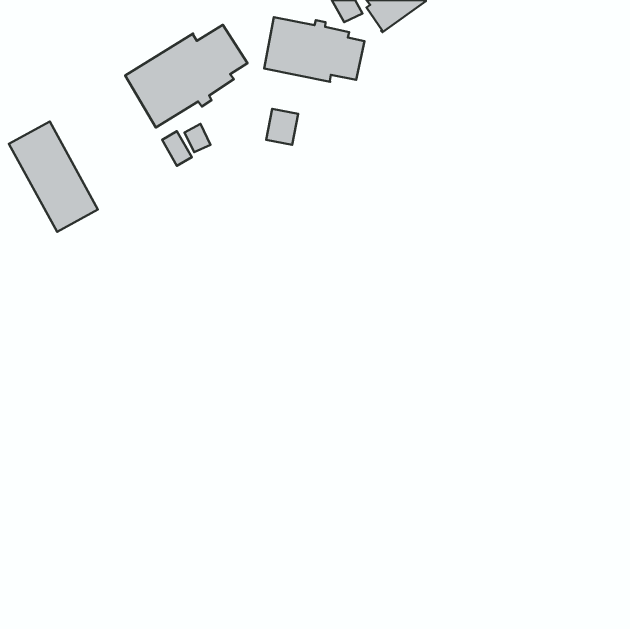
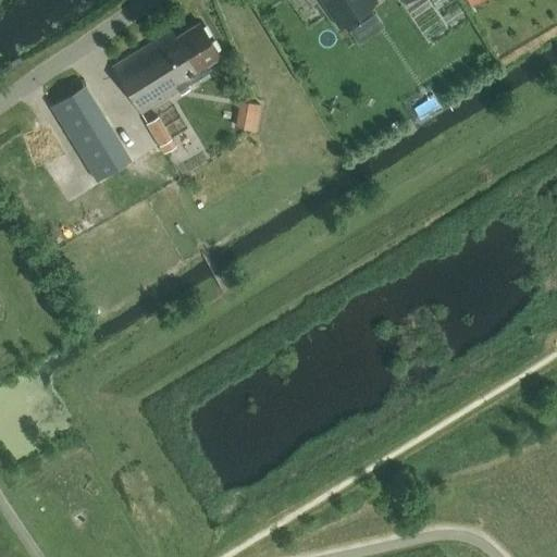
building: [264,17,365,82] -> none
building: [9,122,98,232] -> [51,83,129,180]

